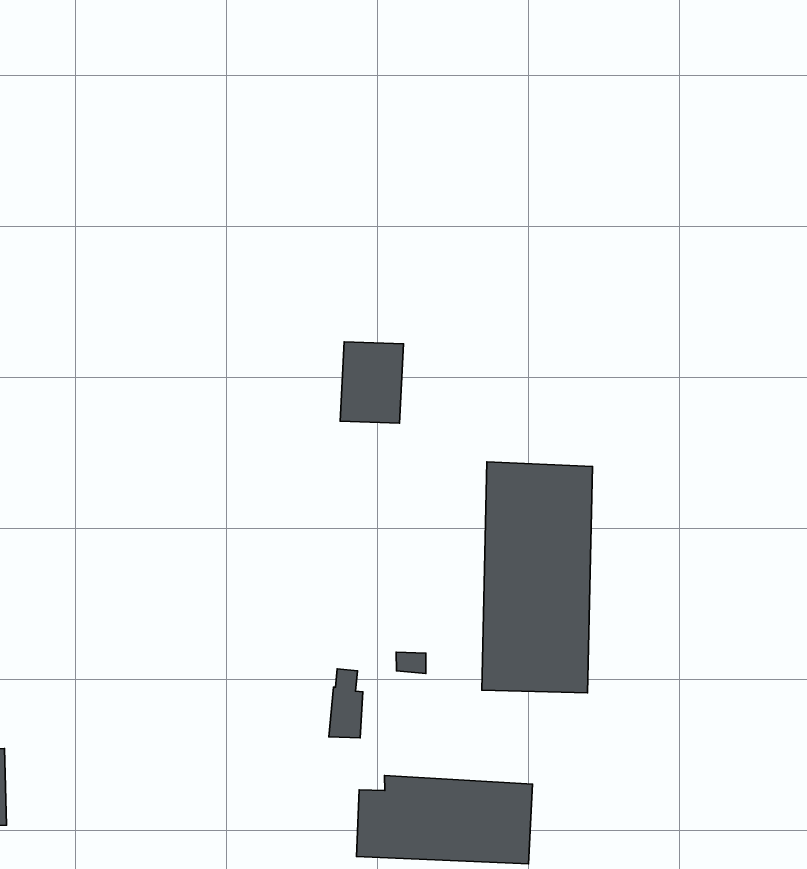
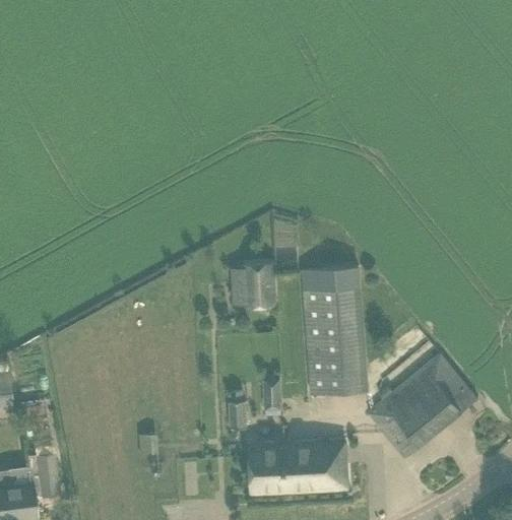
building: [340,342,403,423] -> [240,262,274,308]
building: none -> [379,355,474,459]

